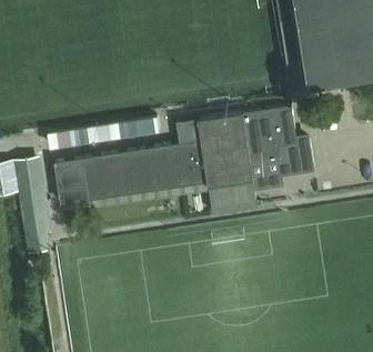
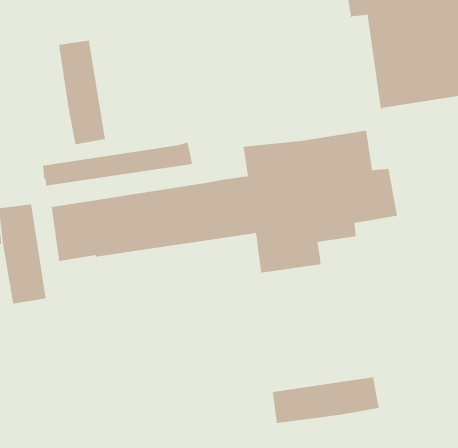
building: none -> [58,40,105,145]
building: none -> [272,377,379,424]

